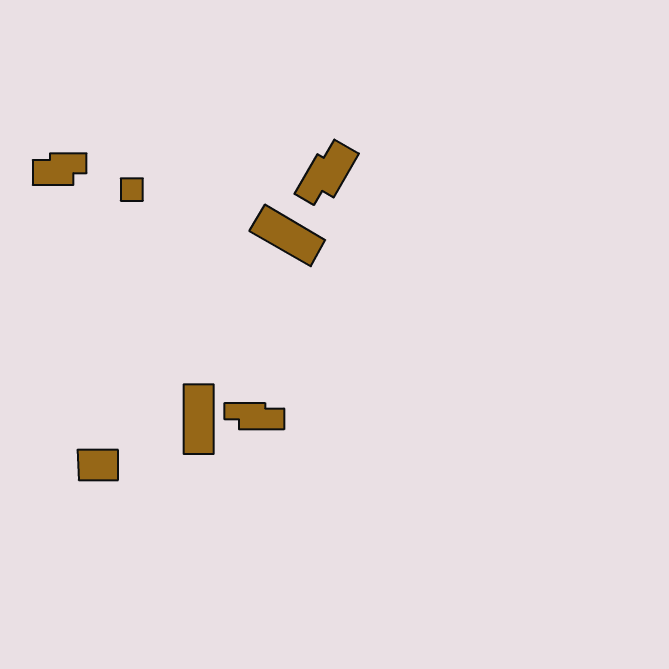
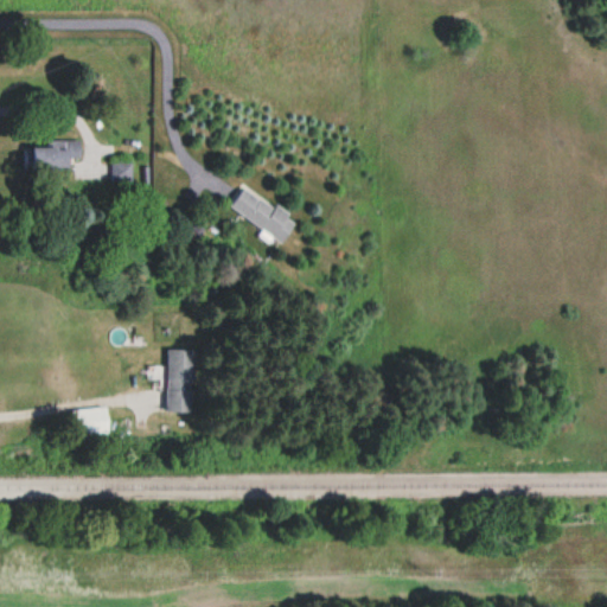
building: [294,139,359,205] -> none
building: [225,403,284,429] -> none

